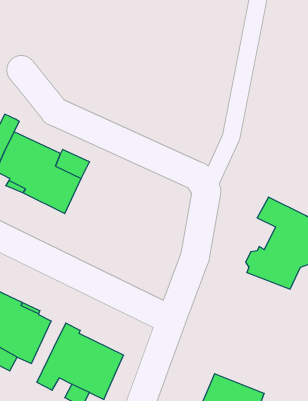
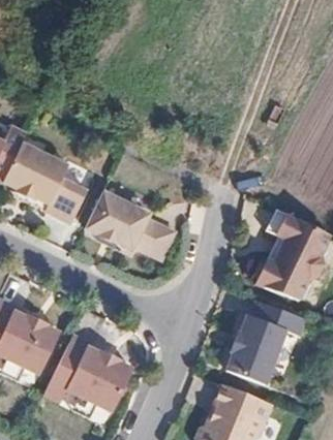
building: none -> [84,191,174,258]
building: none -> [223,302,304,386]

